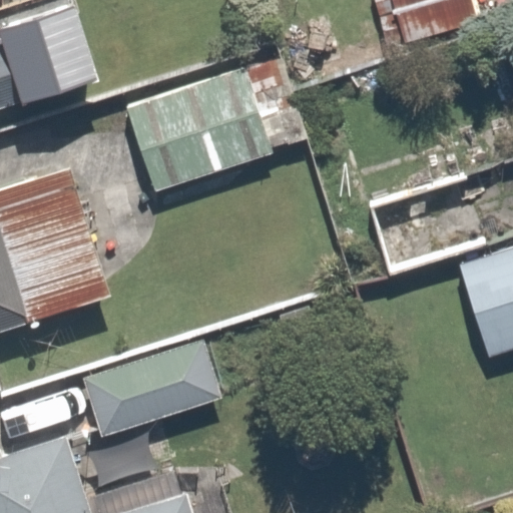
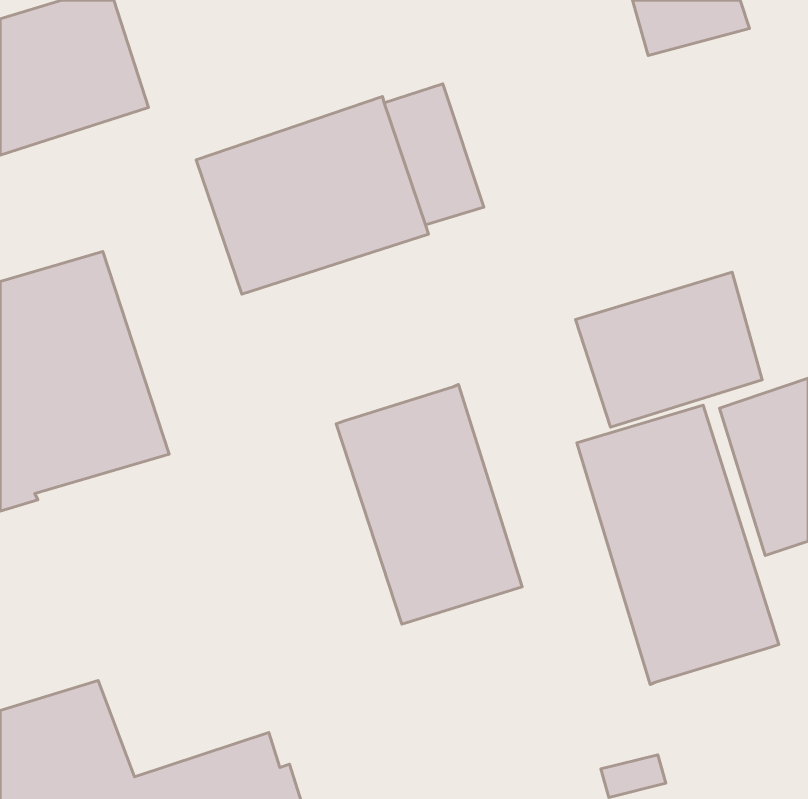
building: none -> [336,384,522,624]
building: none -> [577,405,779,685]
building: [80,339,220,436] -> none

